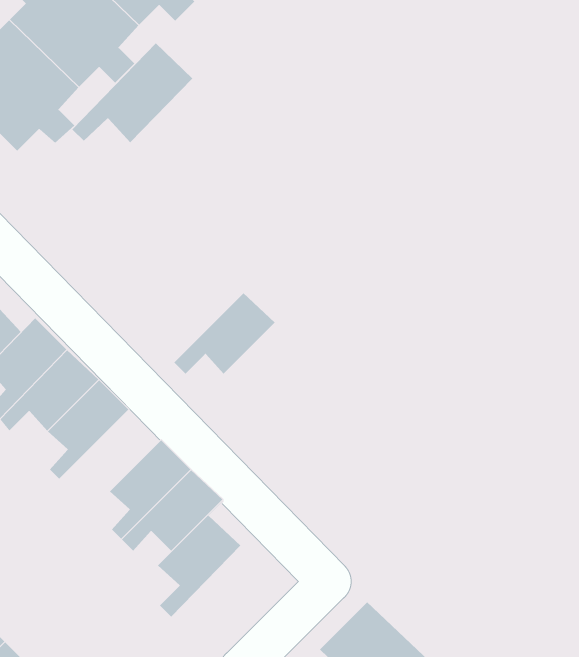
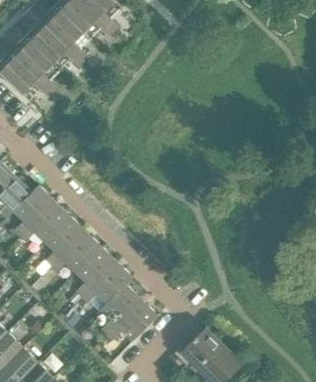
building: [71,42,193,143] -> none
building: [173,292,275,374] -> [50,232,101,273]
building: none -> [106,300,157,342]

